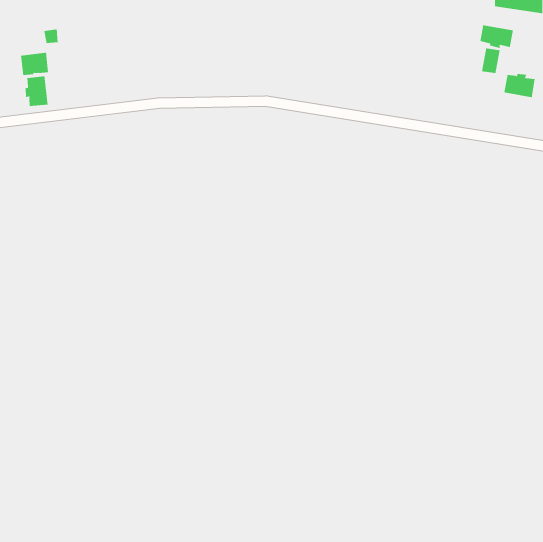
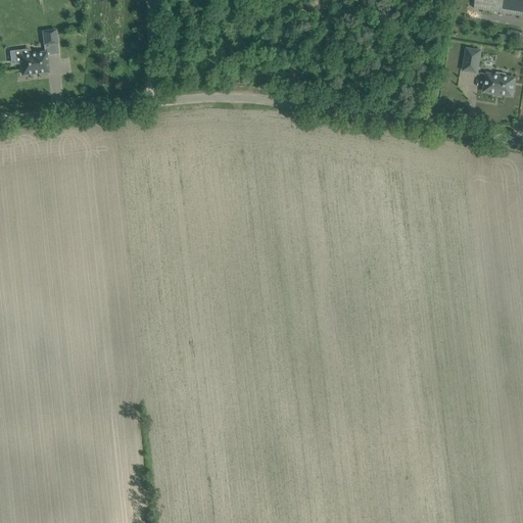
building: [480,24,514,49] -> none
building: [25,76,48,107] -> none

